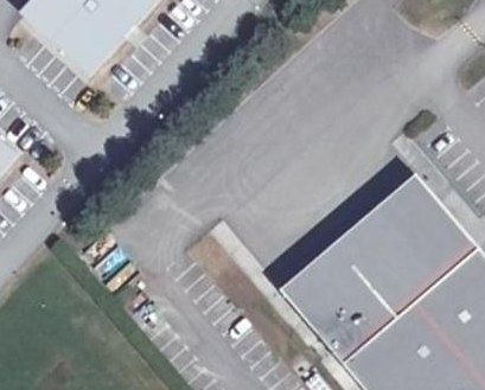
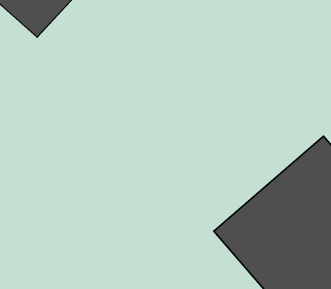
building: [283,175,435,312] -> none

